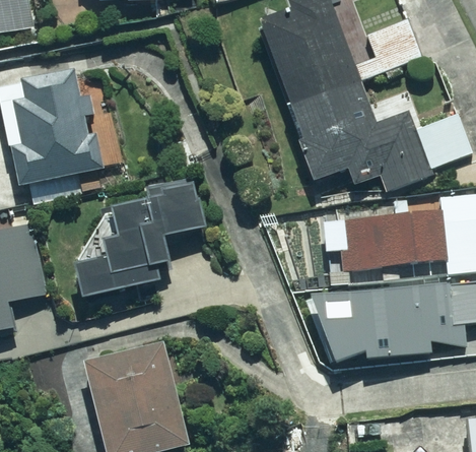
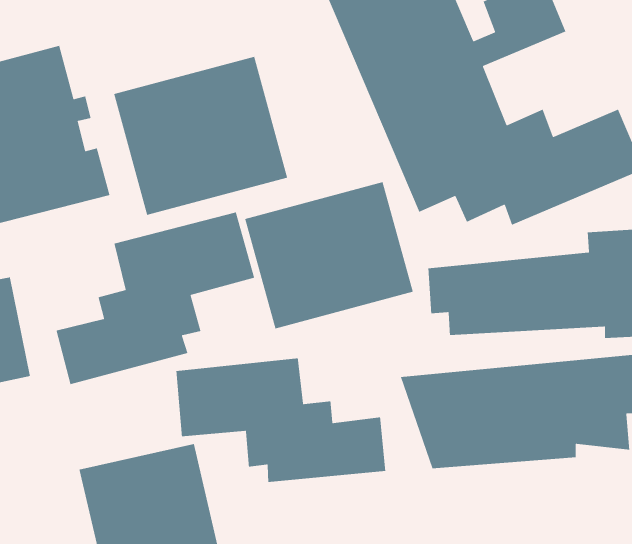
building: none -> [113,56,288,216]
building: none -> [244,181,414,330]
building: none -> [176,357,386,483]

